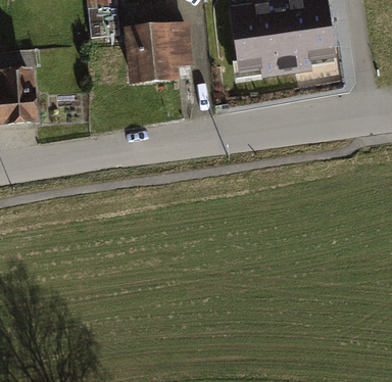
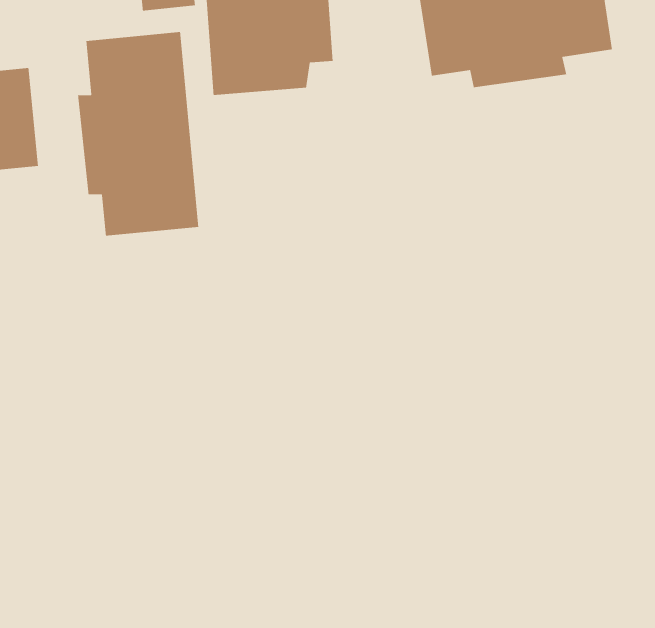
building: none -> [77,31,199,237]

